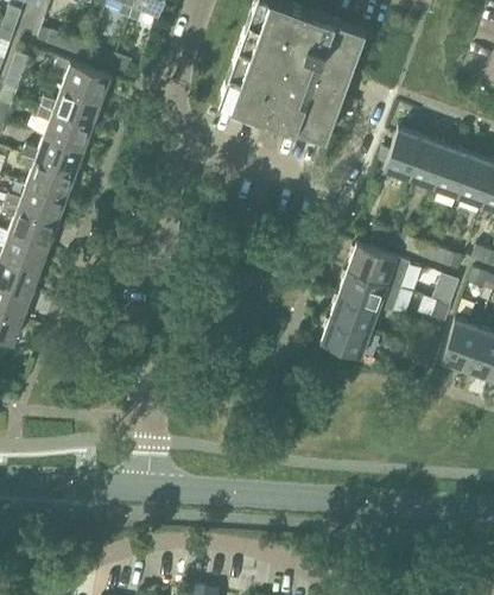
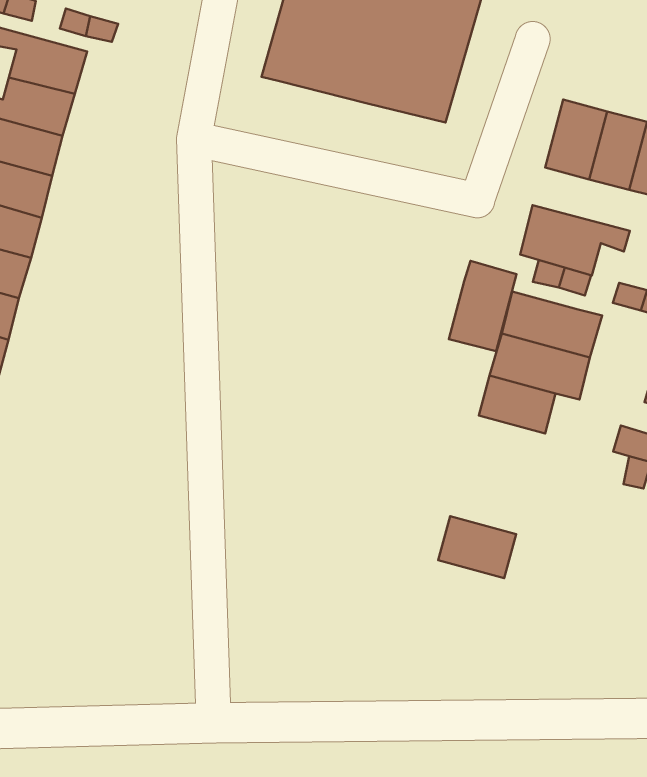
building: none -> [520,205,630,276]
building: none -> [449,261,517,351]
building: [322,317,370,357] -> [438,516,516,578]

